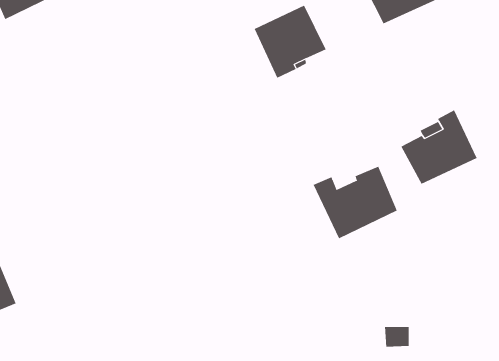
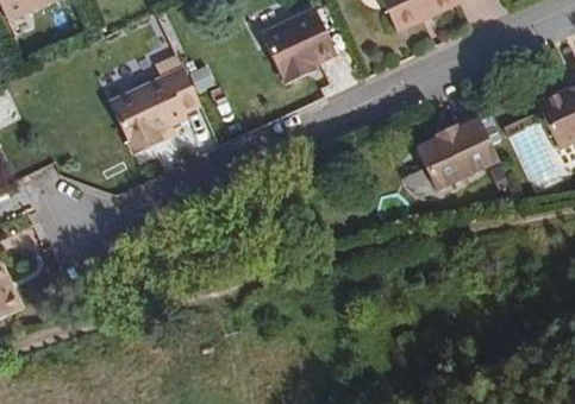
building: none -> [112,53,202,152]
building: [313,166,397,239] -> none

